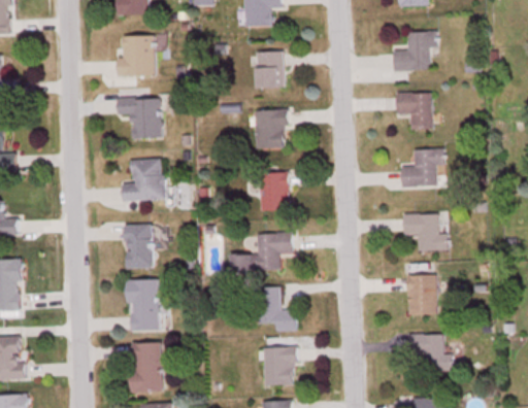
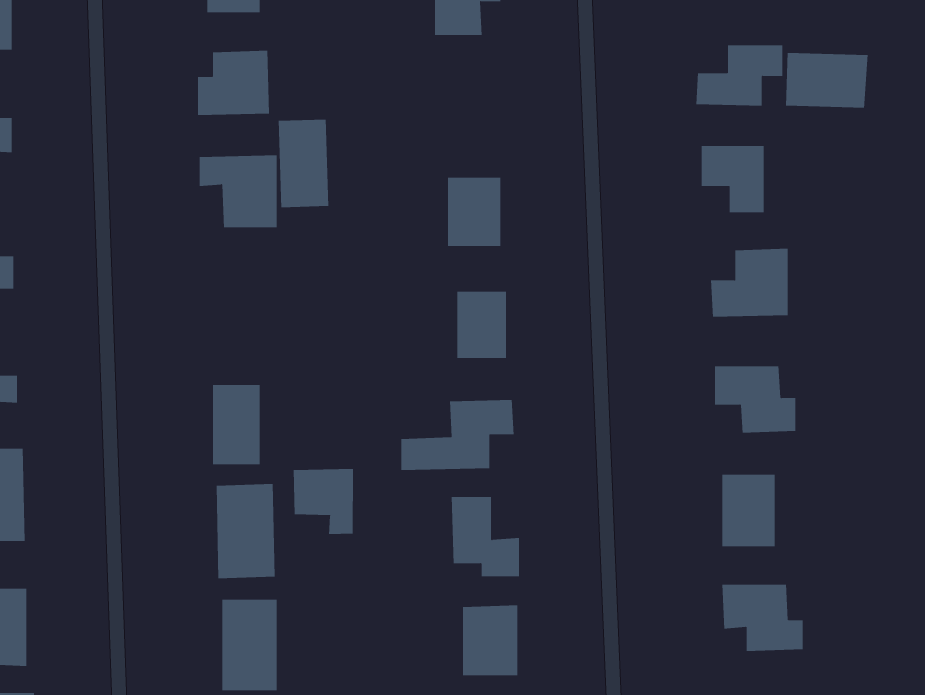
building: none -> [786,52,868,109]
building: [255,55,283,87] -> none
building: none -> [278,119,329,208]
building: [122,158,163,199] -> none
building: none -> [293,468,353,535]

